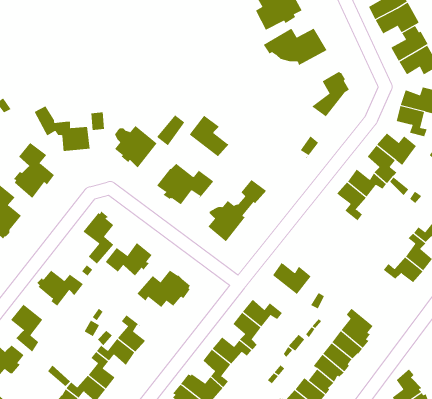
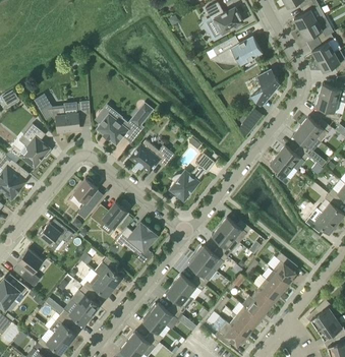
building: [189,115,229,157] -> none
building: none -> [212,227,239,256]

